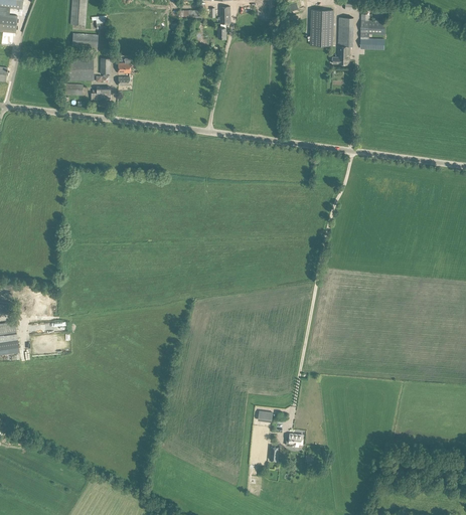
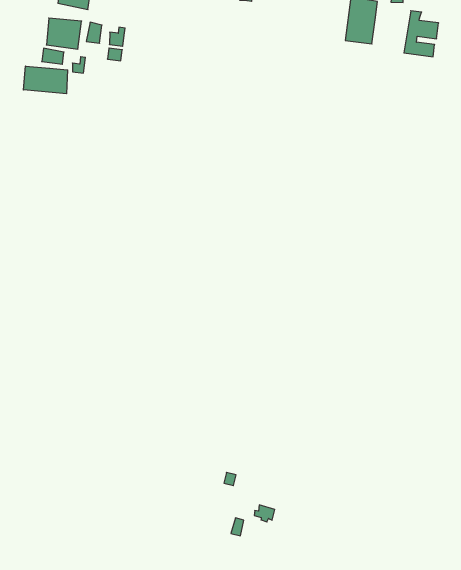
building: [331,17,353,64] -> none
building: none -> [23,66,68,94]

